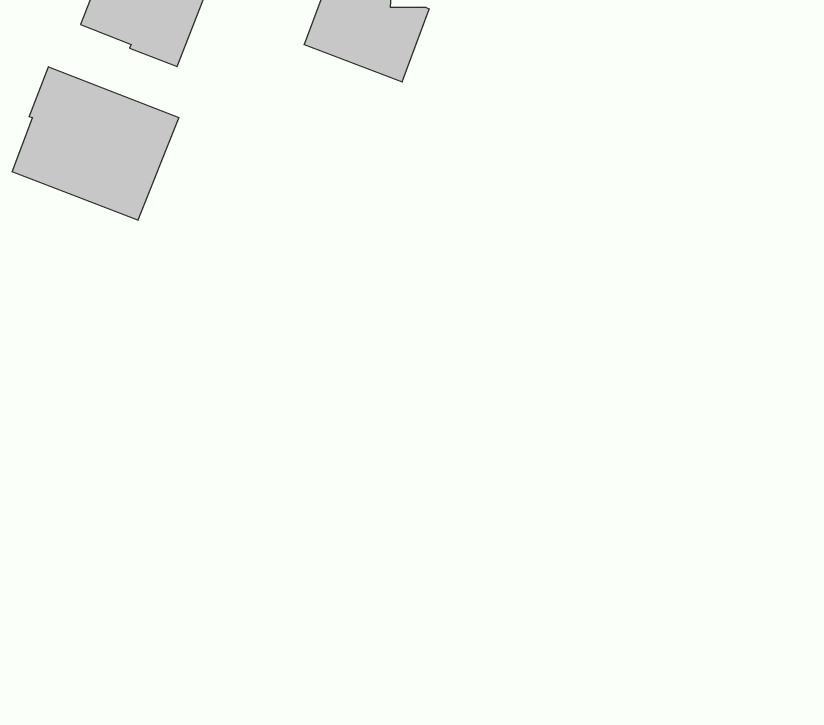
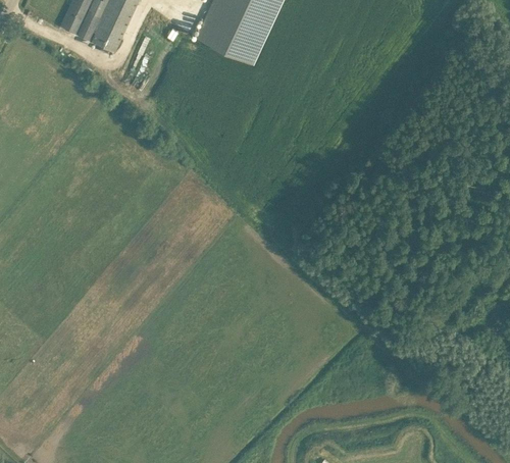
building: [12,67,179,220] -> none

